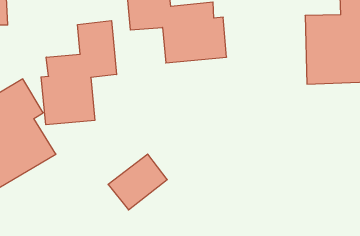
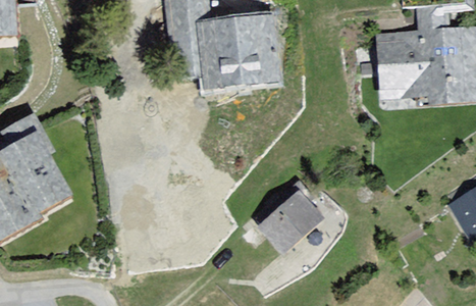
building: [41,21,117,125] -> none
building: [108,154,167,210] -> [255,192,326,259]

